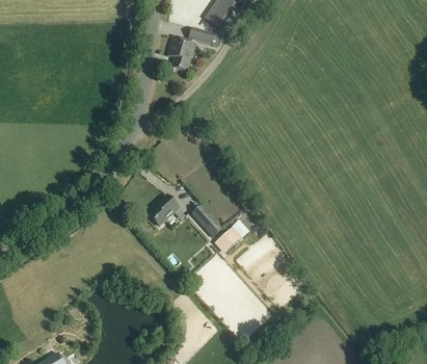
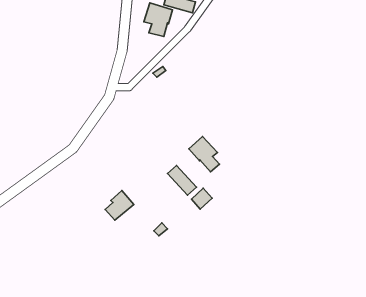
building: none -> [189,136,220,172]
building: [148,194,178,226] -> [105,191,134,220]

